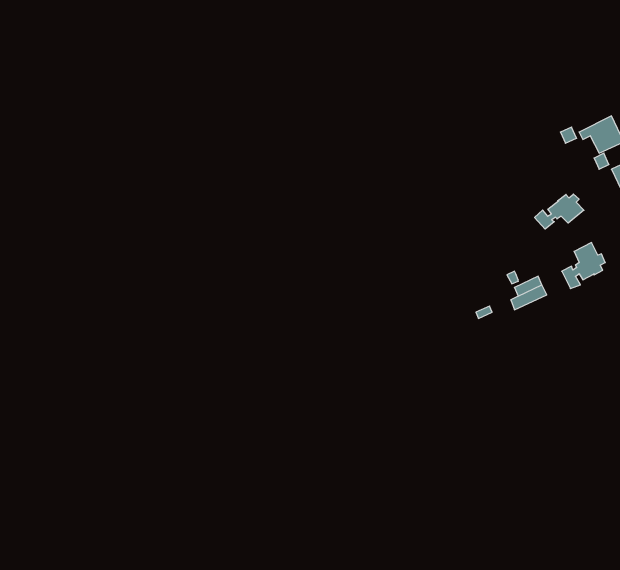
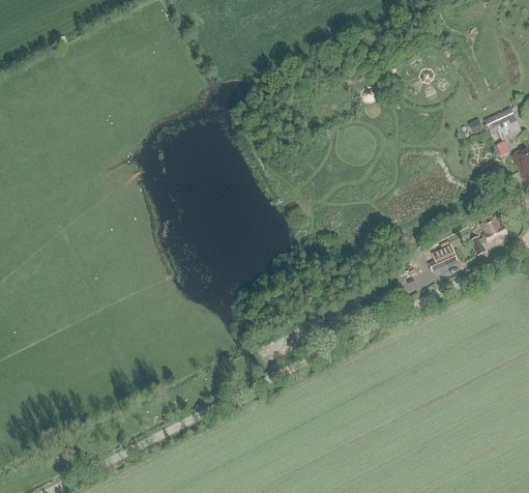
building: [535,194,584,229] -> none

